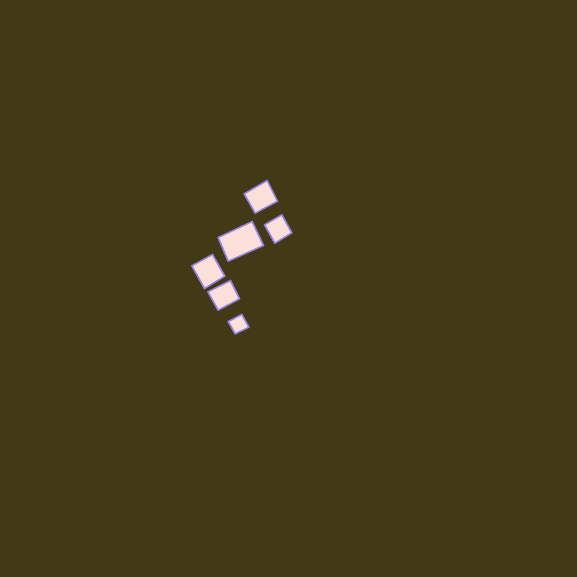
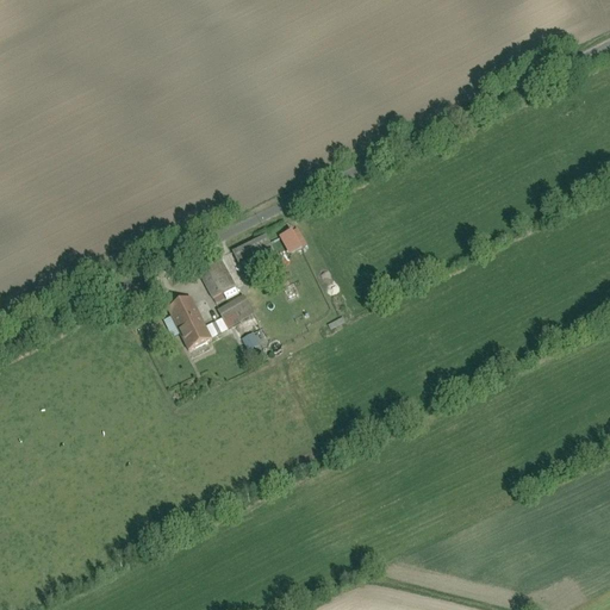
building: [244,181,278,213] -> none
building: none -> [164,291,213,351]

